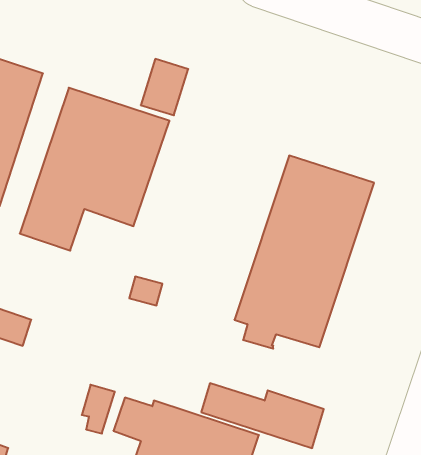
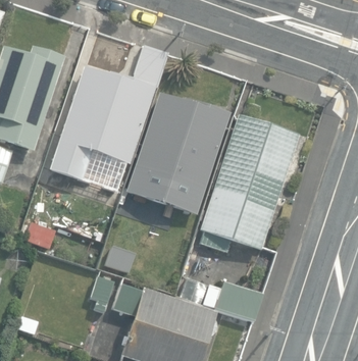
building: none -> [125,93,227,213]

